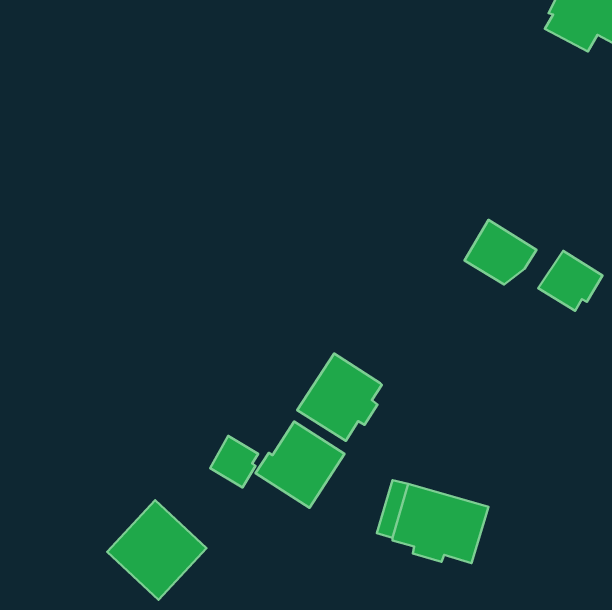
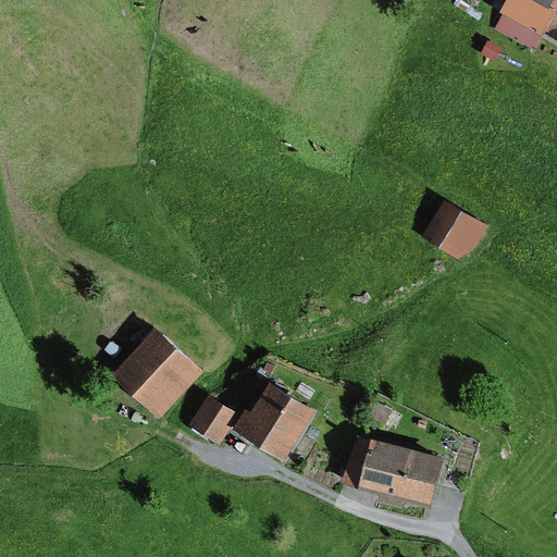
building: [538,251,603,311] -> none
building: [297,353,382,441] -> none
building: [107,500,207,600] -> [112,327,202,418]

